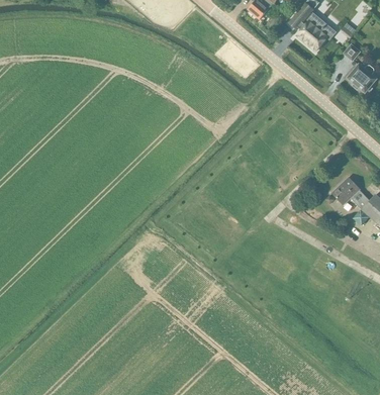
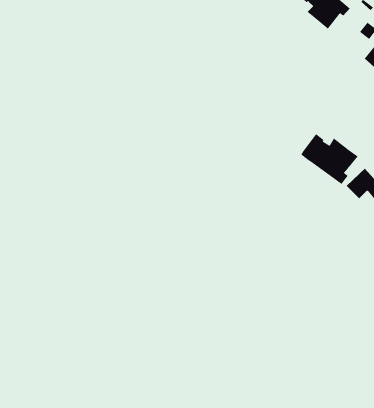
building: none -> [300,133,358,185]

